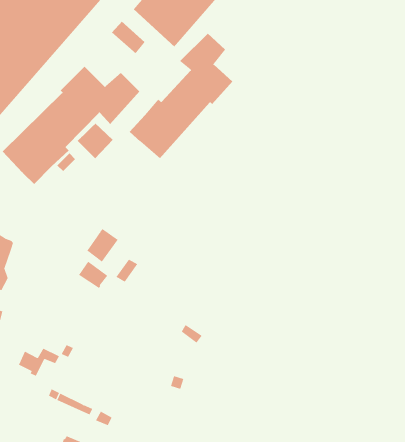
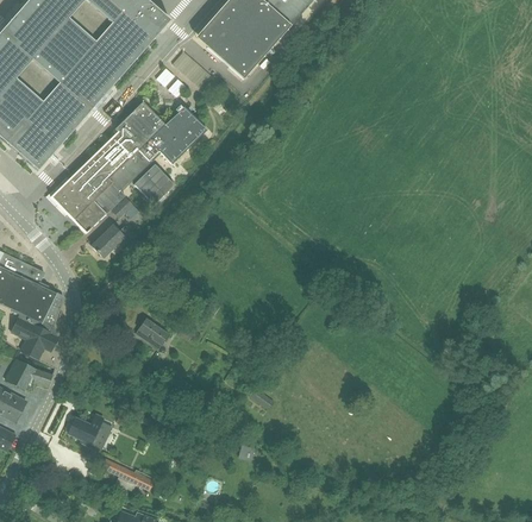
building: [129,33,233,159] -> none
building: none -> [92,225,133,257]
building: [87,228,119,263] -> none

